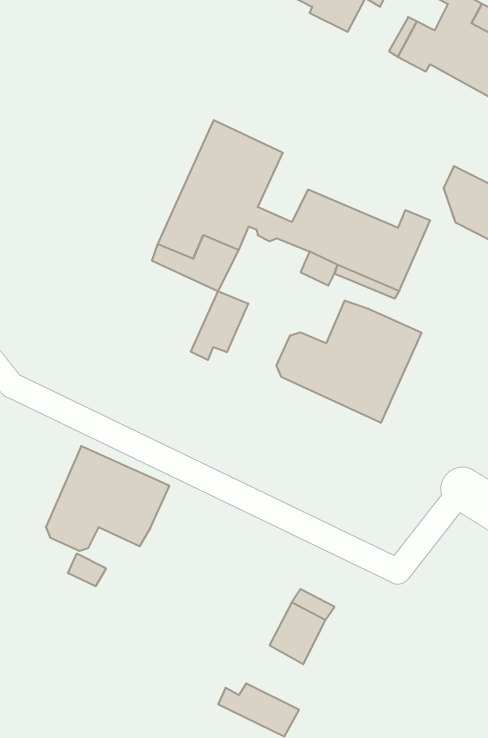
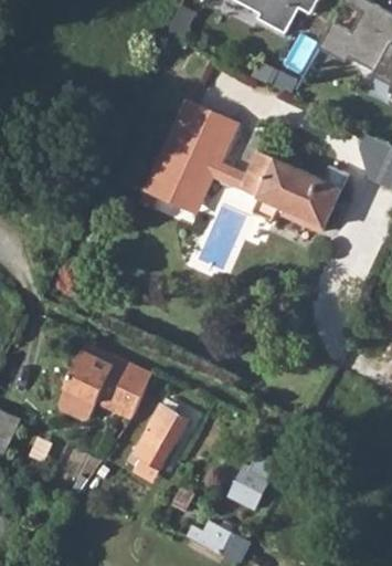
building: [191,291,248,360] -> none
building: [277,300,421,423] -> none
building: none -> [134,406,189,469]

